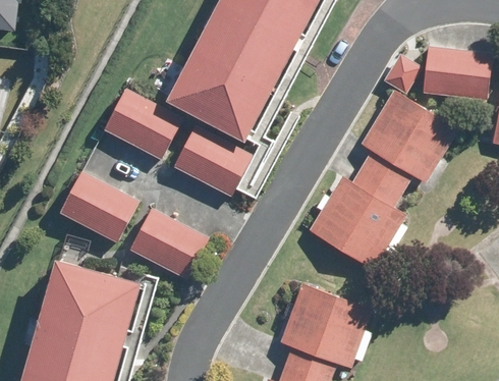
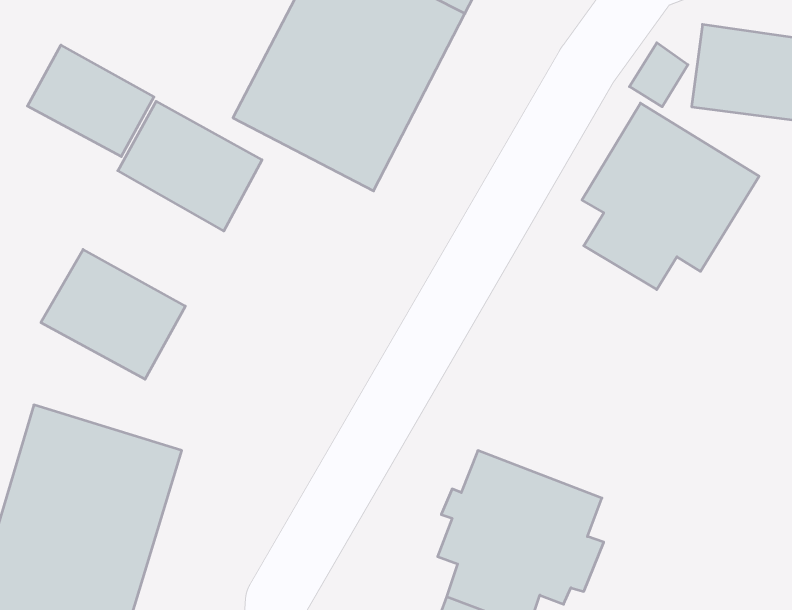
building: none -> [27,45,154,157]
building: [176,126,255,198] -> none
building: [311,169,407,270] -> none
building: [130,210,210,280] -> none

